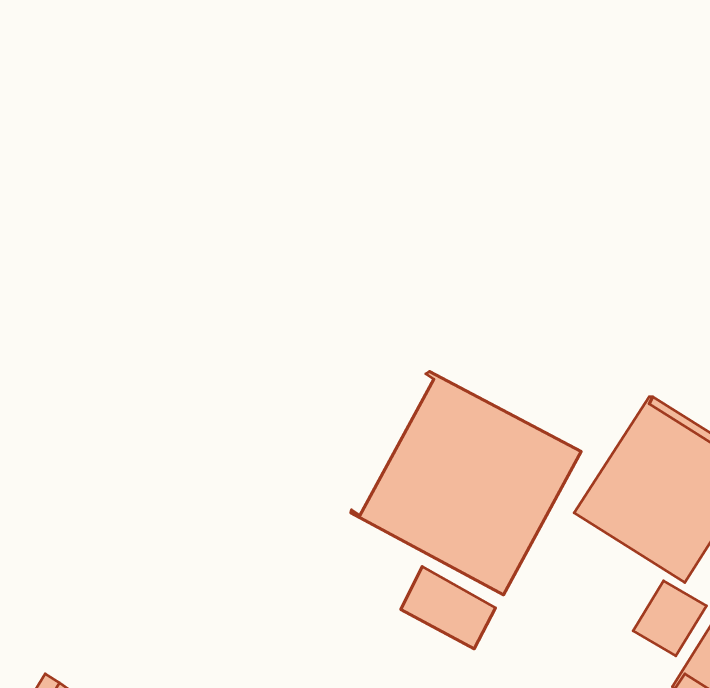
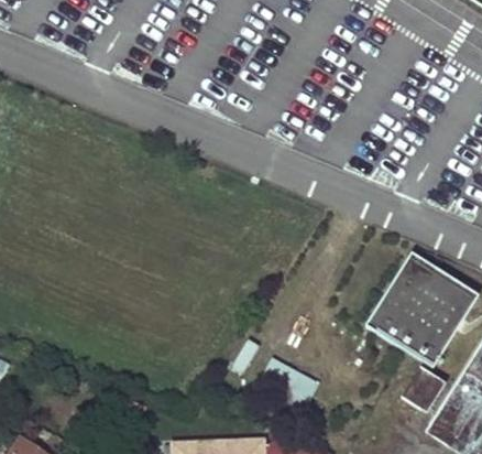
building: [351,371,581,595] -> none

